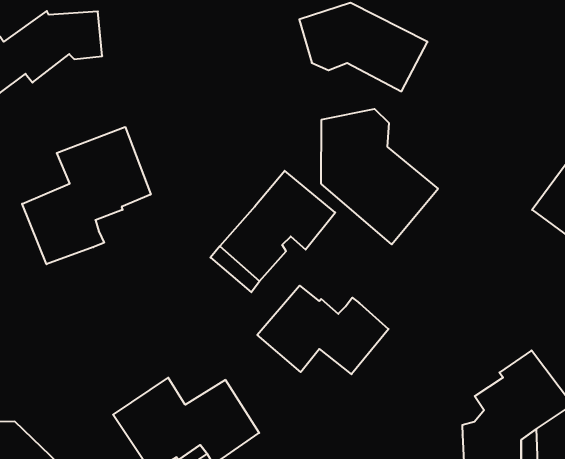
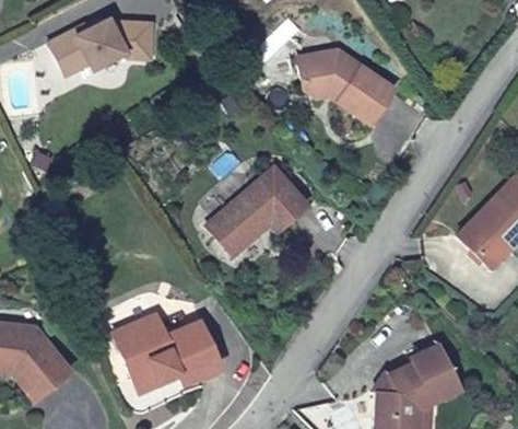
building: [321,109,438,244] -> none
building: [22,127,151,264] -> none
building: [257,286,389,374] -> none

